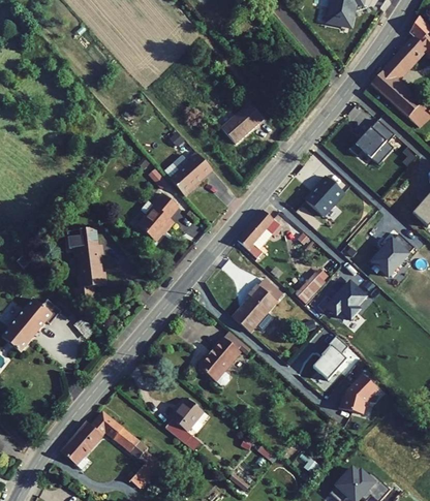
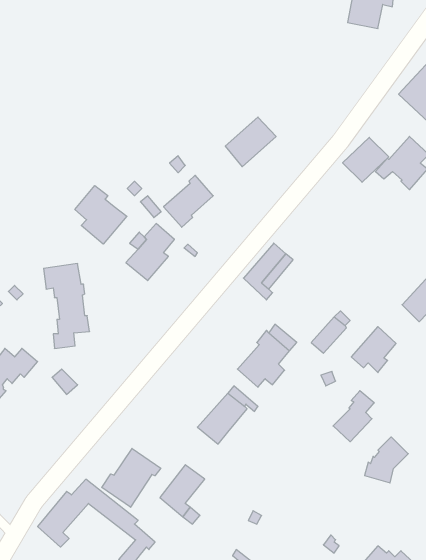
building: none -> [75,186,127,244]
building: [306,179,345,217] -> [343,137,389,182]
building: none -> [102,448,161,507]

